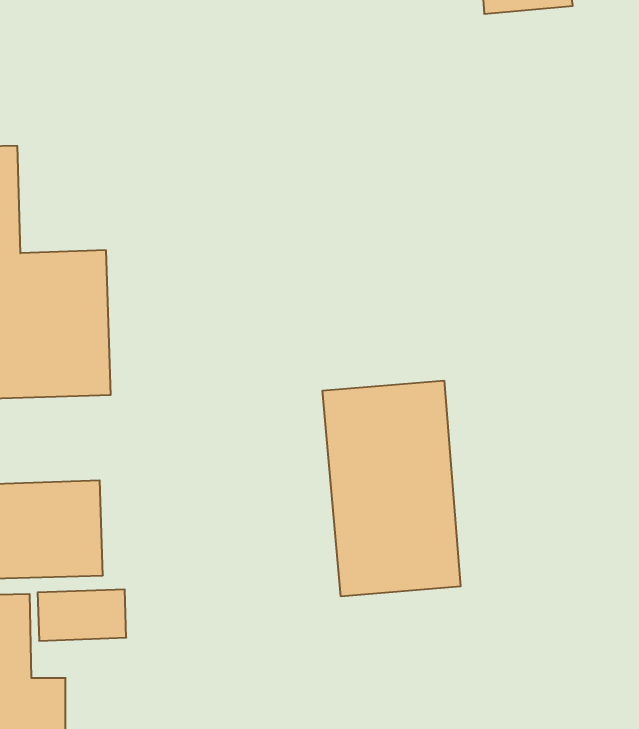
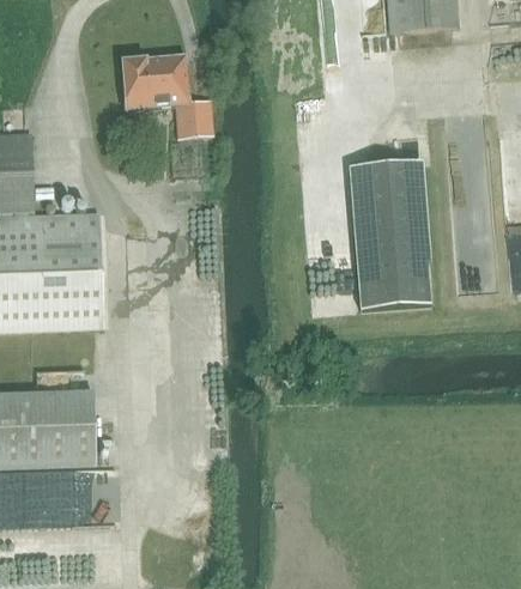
building: none -> [121,55,213,138]
building: none -> [349,160,432,310]
building: [323,381,461,596] -> none

